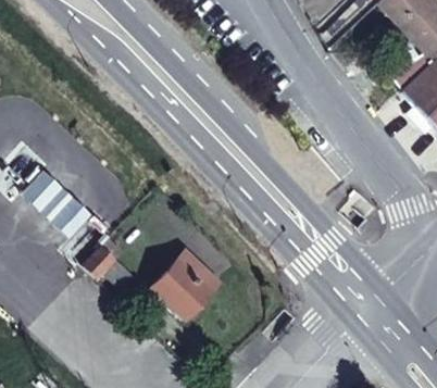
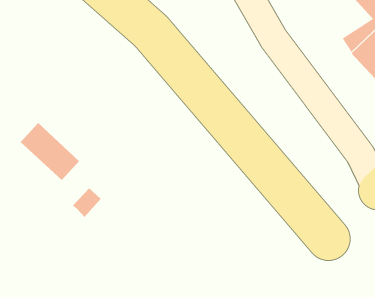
building: [154,251,222,318] -> none

